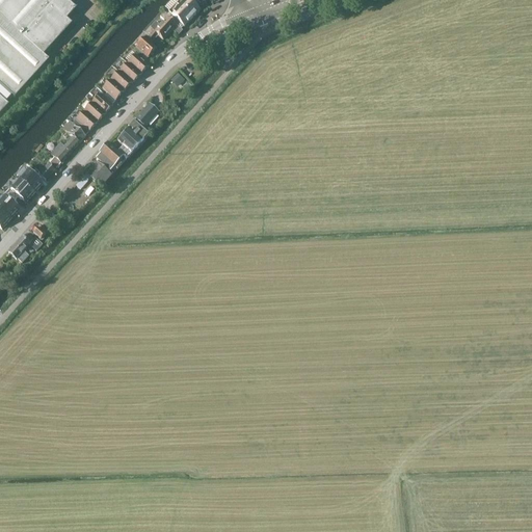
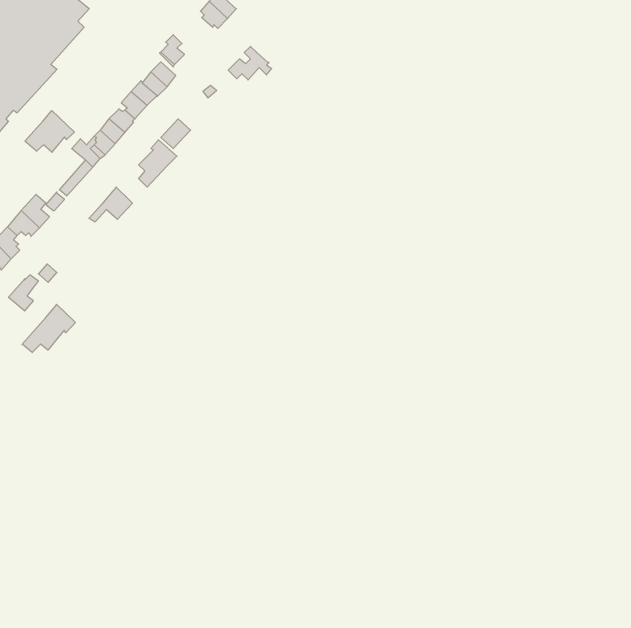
building: [145,9,182,37] -> [228,46,272,80]
building: none -> [25,111,74,152]
building: [96,140,124,168] -> none
building: none -> [22,304,75,353]

